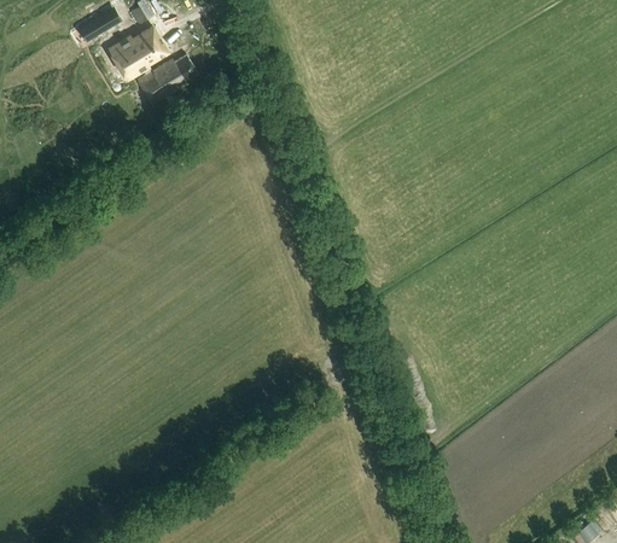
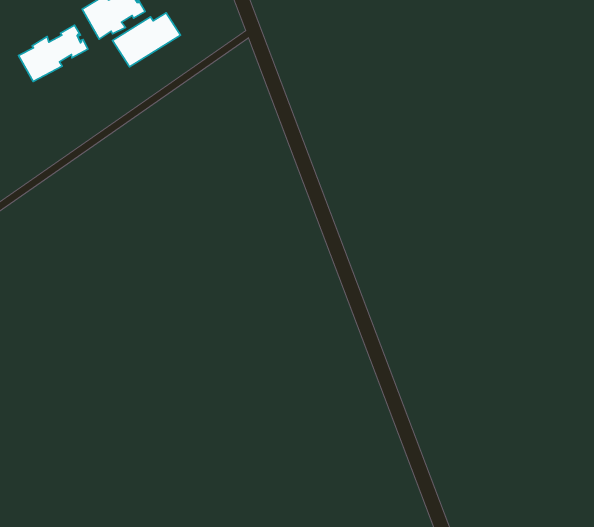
building: none -> [18,25,88,82]

